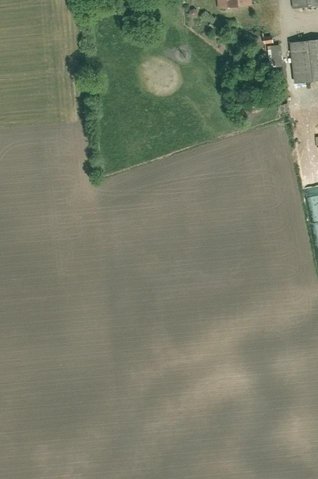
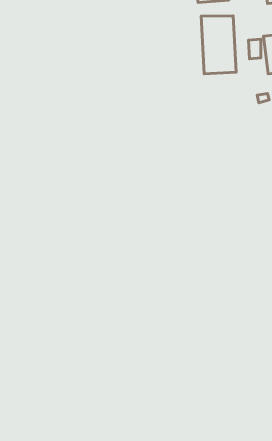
building: none -> [201,16,236,74]

